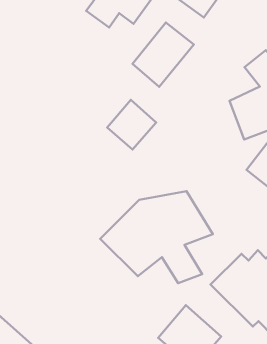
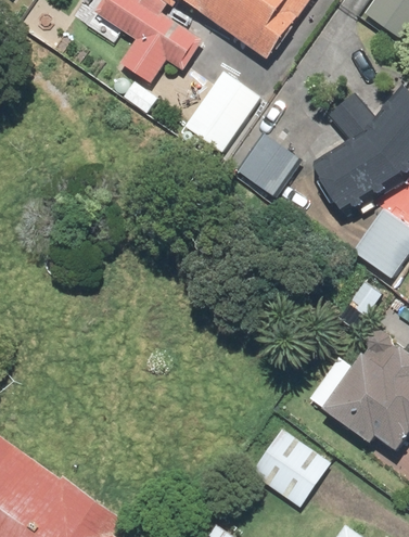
building: [107,100,156,150] -> [237,132,298,195]
building: [100,191,213,283] -> none

